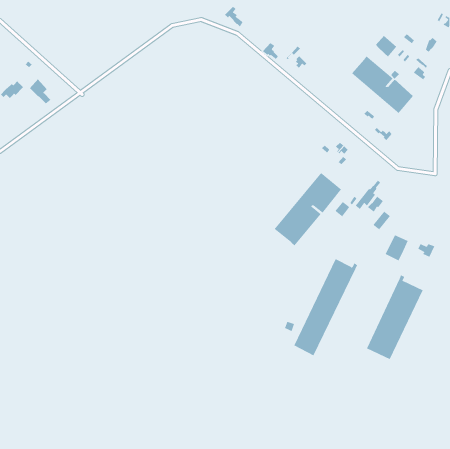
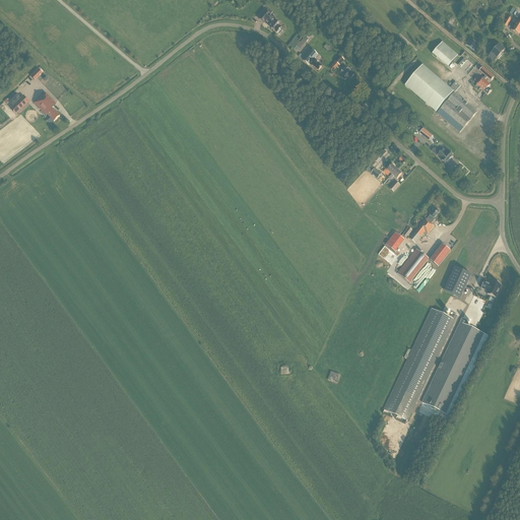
building: [274,172,342,246] -> none
building: none -> [396,248,428,281]
building: [293,258,358,356] -> [383,307,457,419]

